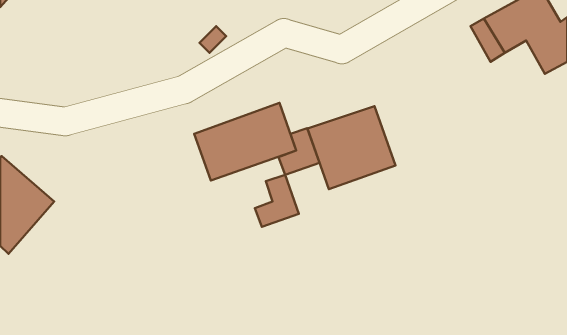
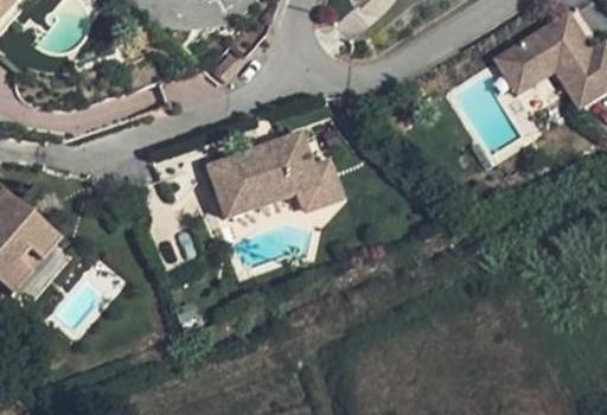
building: [307,106,395,189] -> none
building: [255,175,299,227] -> none

